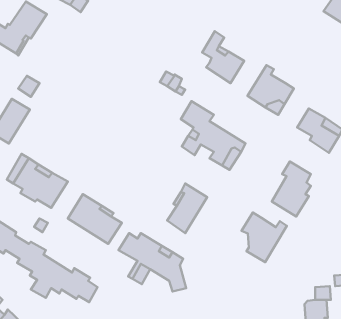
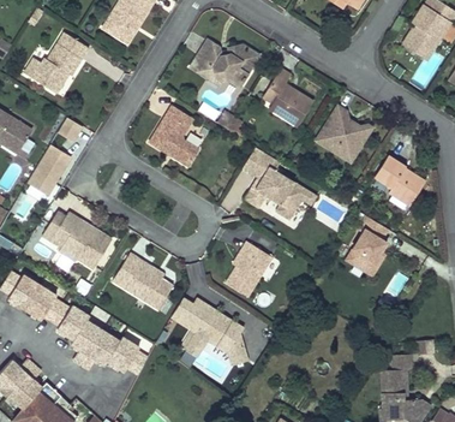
building: none -> [188,41,258,85]
building: none -> [148,107,197,167]
building: [242,213,287,262] -> none

